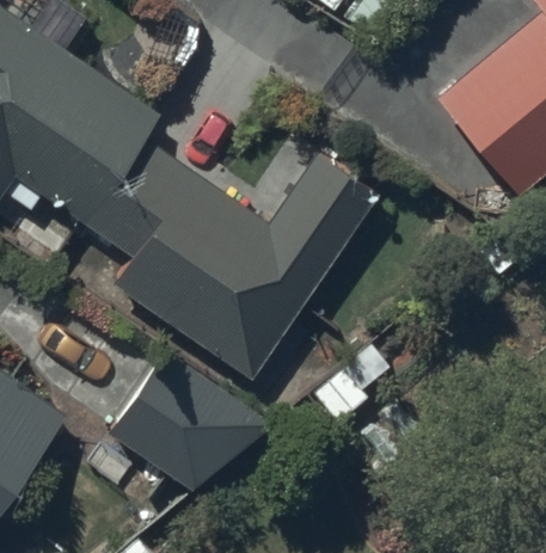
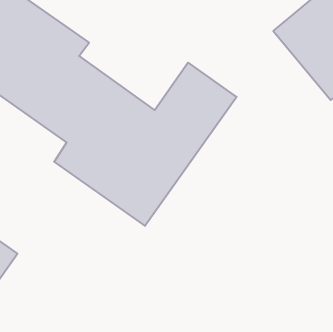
building: [76,352,262,510] -> none

